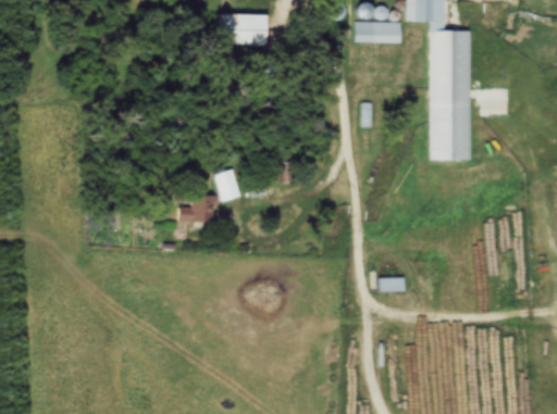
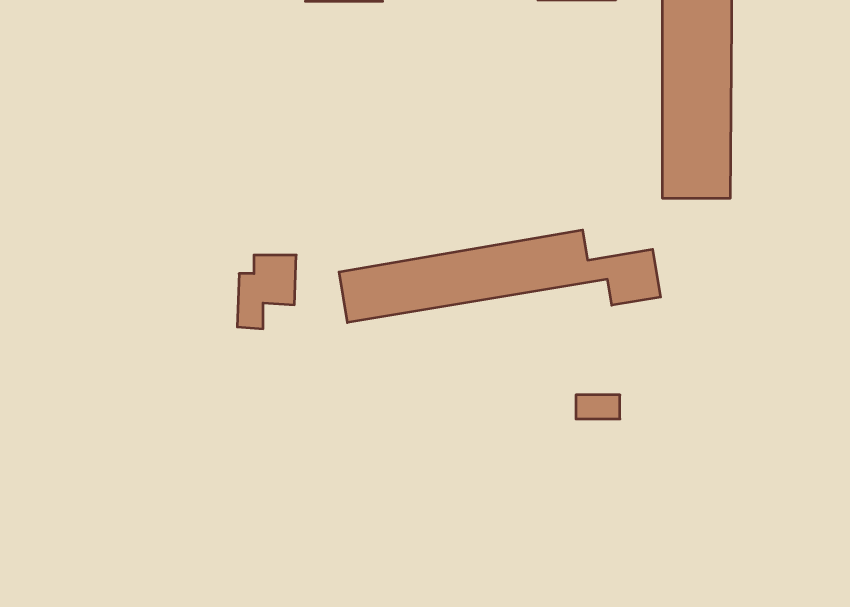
building: [216,167,240,199] -> none
building: none -> [339,230,661,323]

